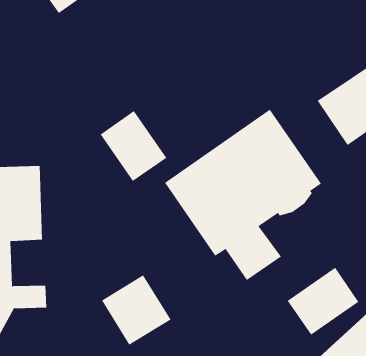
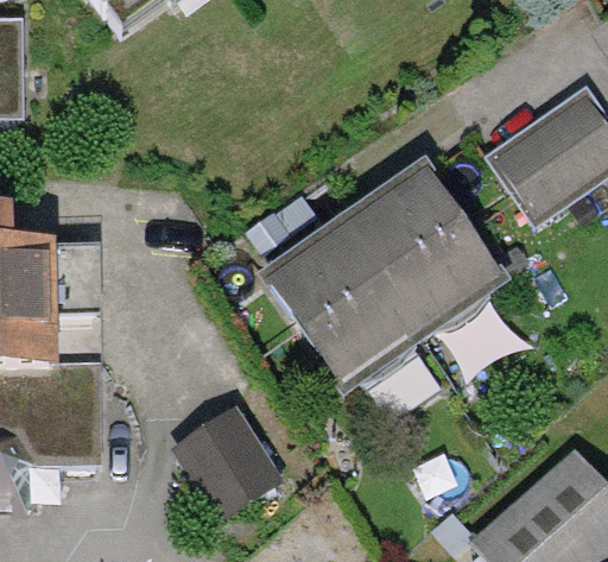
building: [100,110,167,182] -> none
building: [287,267,359,336] -> none

